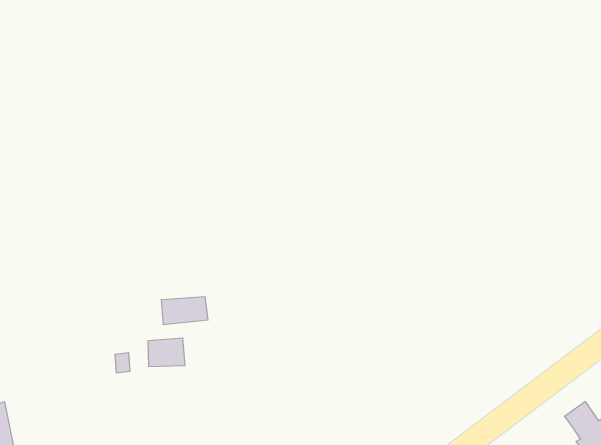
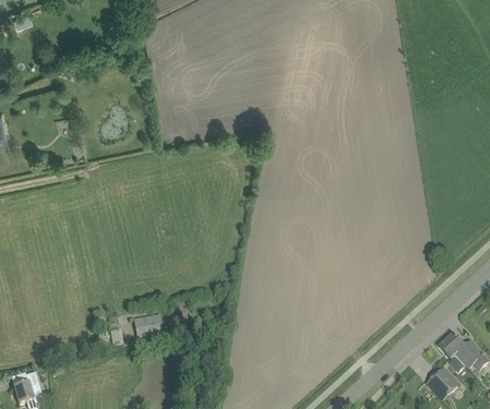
building: [162,297,208,325] -> none

